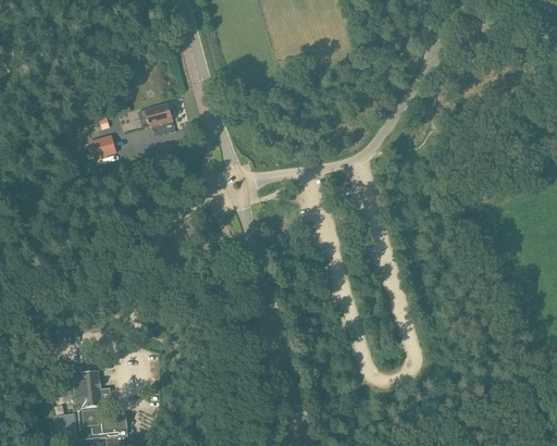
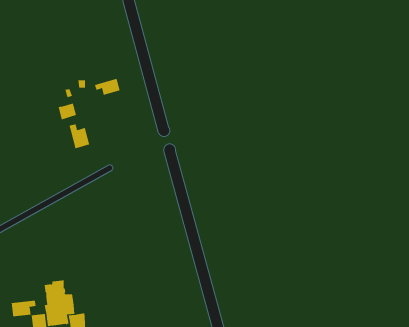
building: none -> [69,123,90,149]
building: none -> [11,300,36,317]

